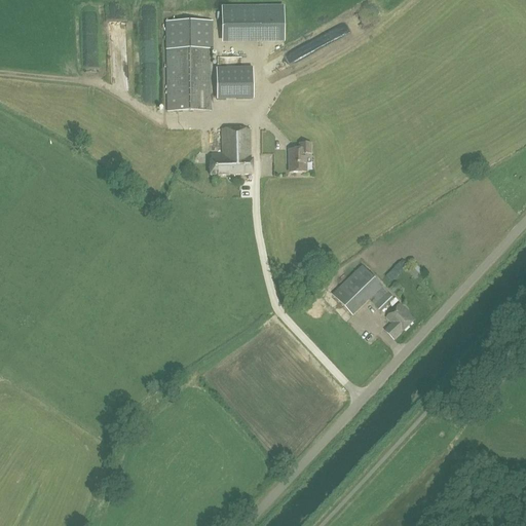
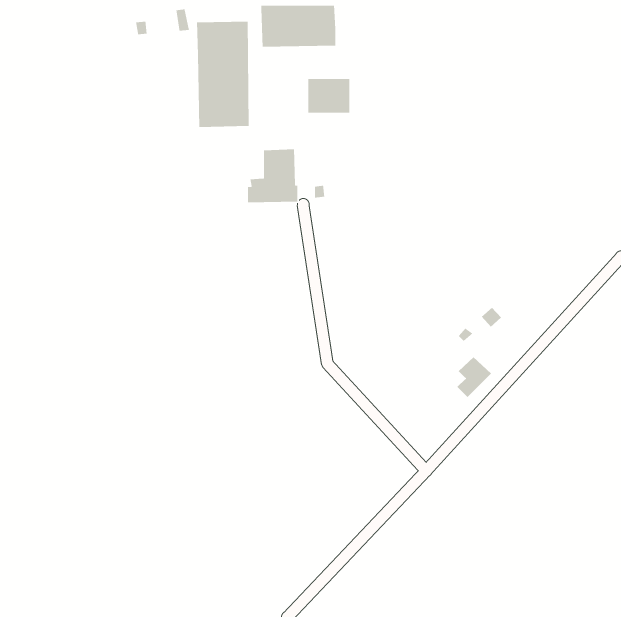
building: [217,68,253,98] -> [307,78,350,113]
building: [288,138,311,168] -> none
building: [334,262,394,311] -> none

